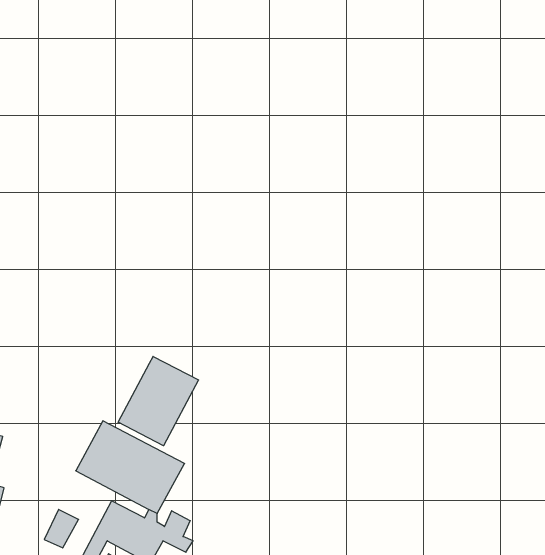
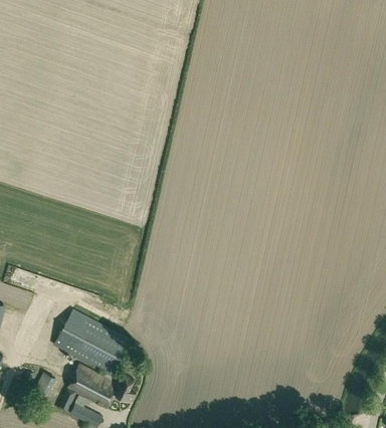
building: [118,356,199,446] -> none

